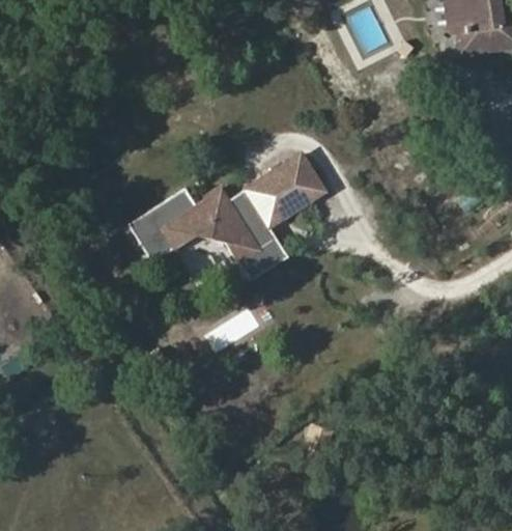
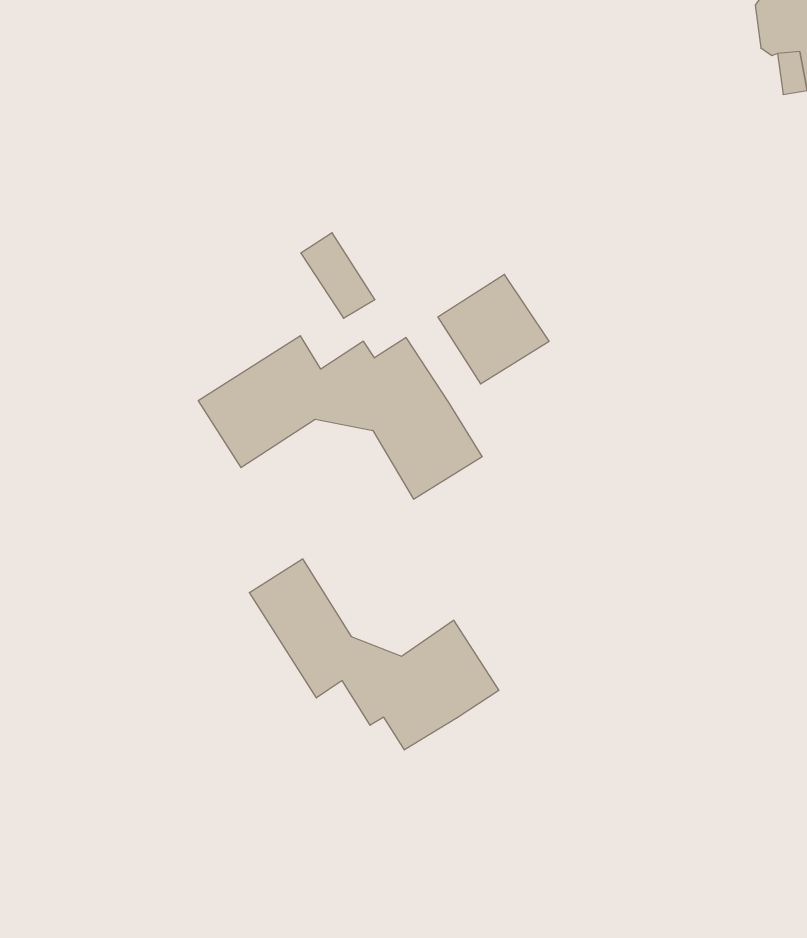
building: [246,177,287,225] -> [301,233,375,318]
building: none -> [249,559,499,750]

